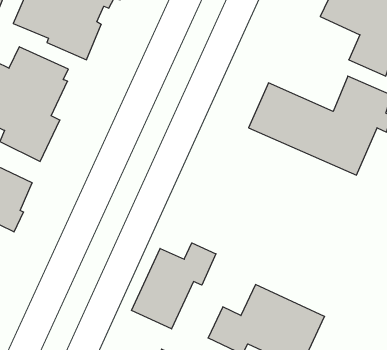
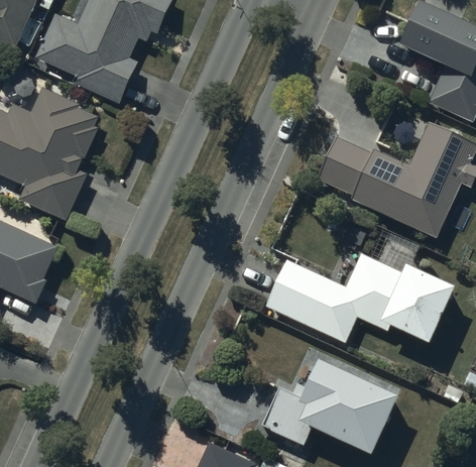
building: none -> [265,250,454,349]
building: [131,243,216,329] -> none

